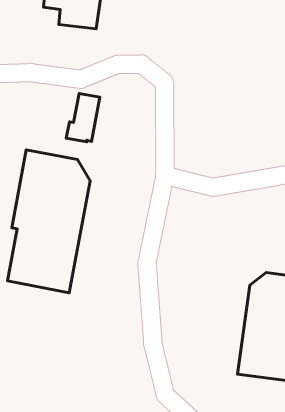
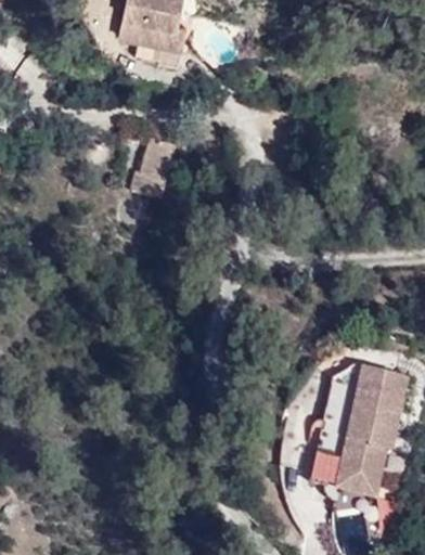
building: [8,150,90,293] -> none

